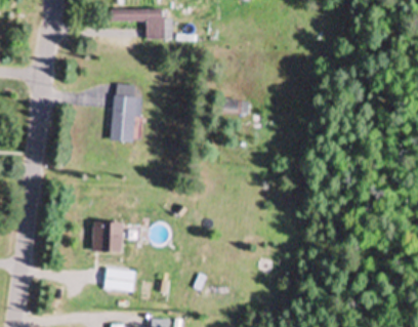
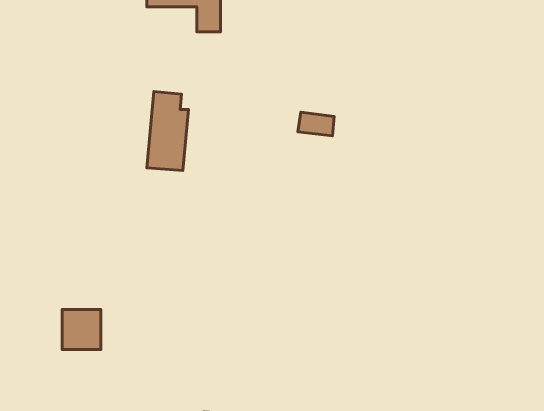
building: [93,221,122,251] -> [62,309,101,350]
building: [104,270,134,291] -> none

